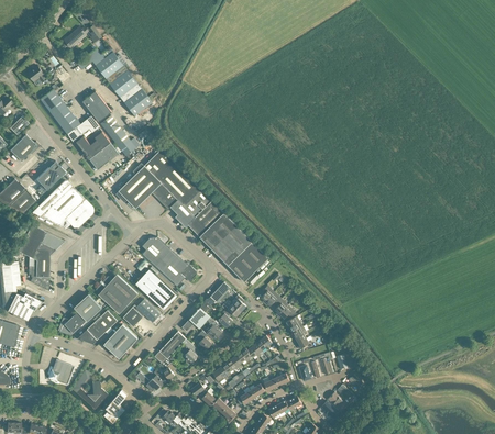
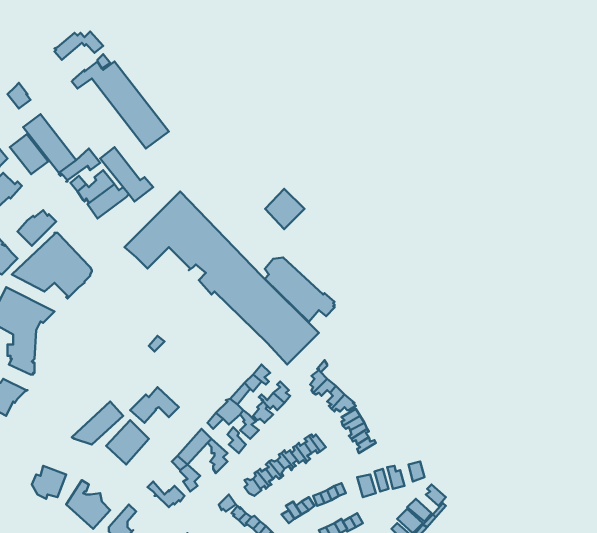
building: [81,90,111,121] -> [10,134,48,174]
building: none -> [265,189,305,229]
building: [142,236,196,286] -> [265,257,335,322]
building: [135,268,177,310] -> none
building: [96,274,138,313] -> none
building: [58,293,101,335] -> none

